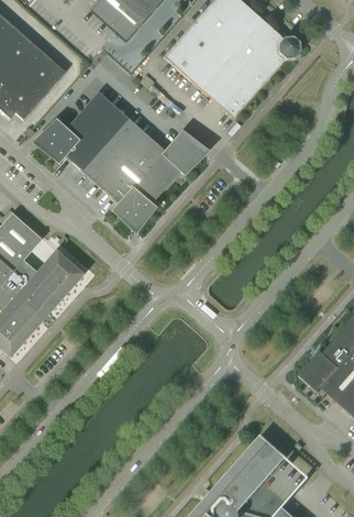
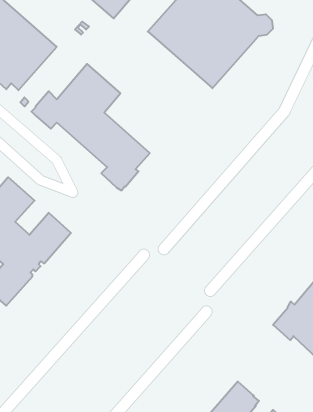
building: [117,122,203,187] -> none

